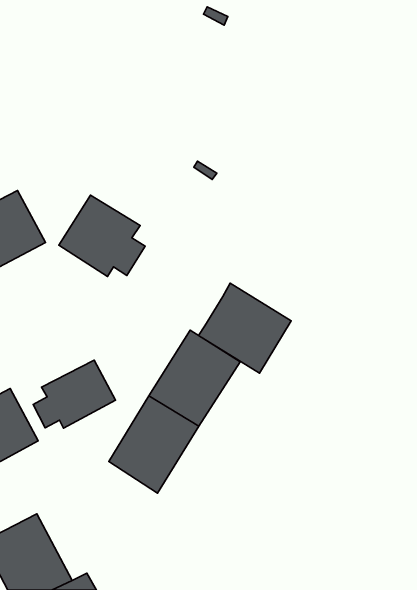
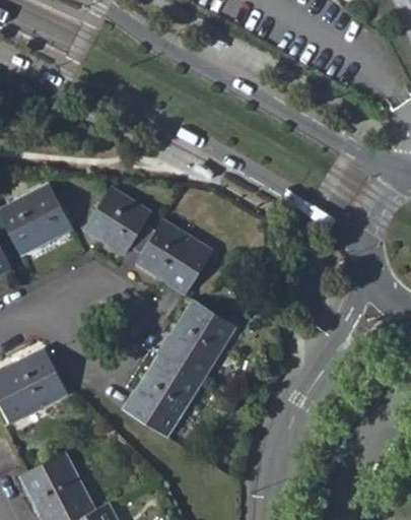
building: [199,283,291,373] -> [135,219,212,295]
building: [33,360,115,428] -> none

